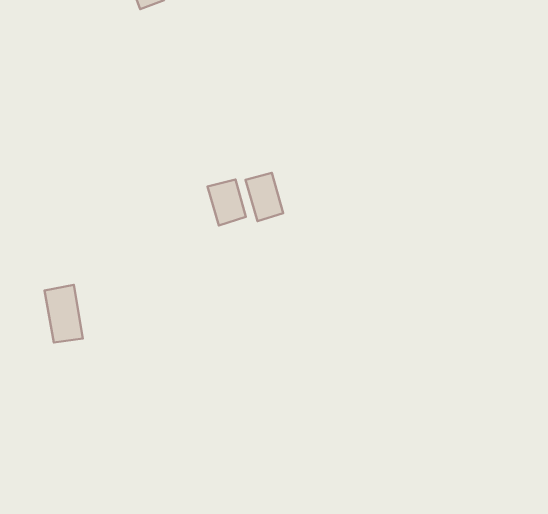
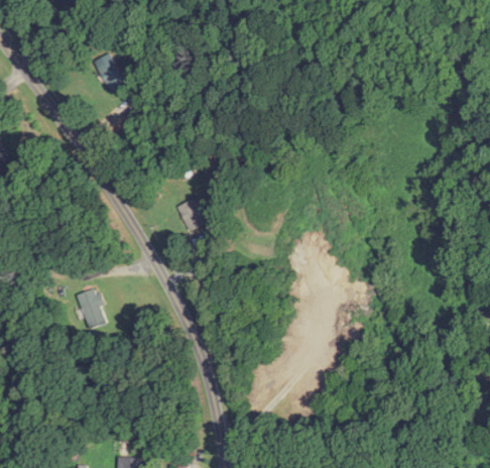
building: [246,173,283,221] -> none

